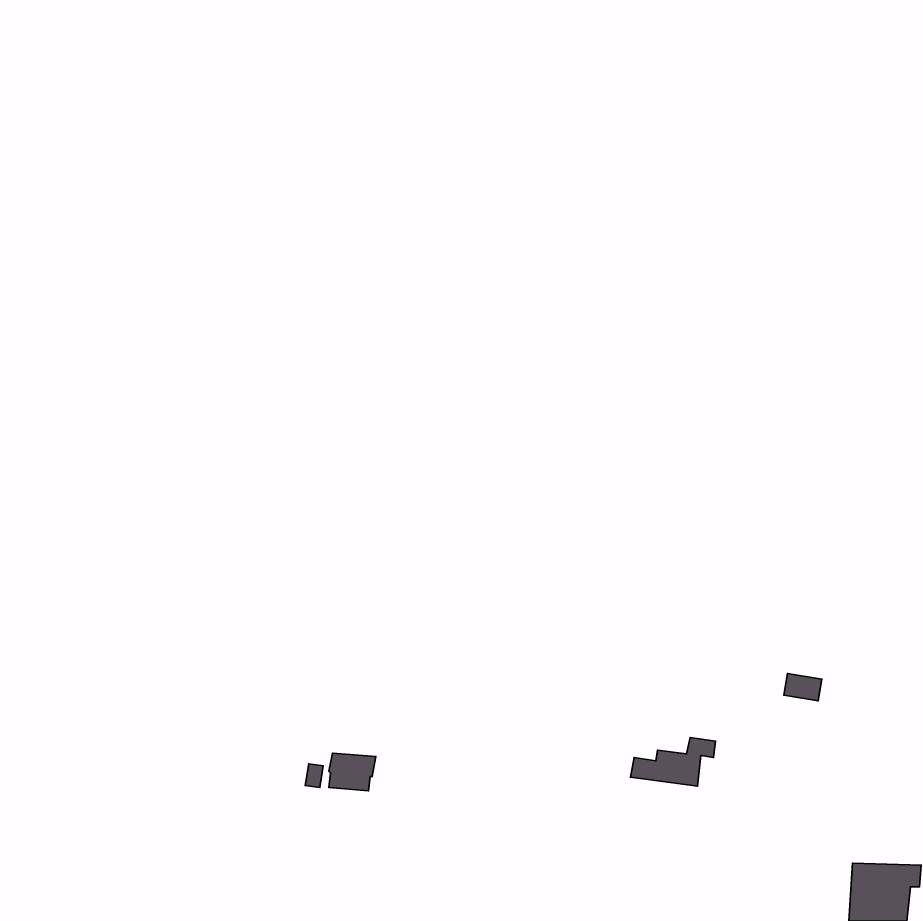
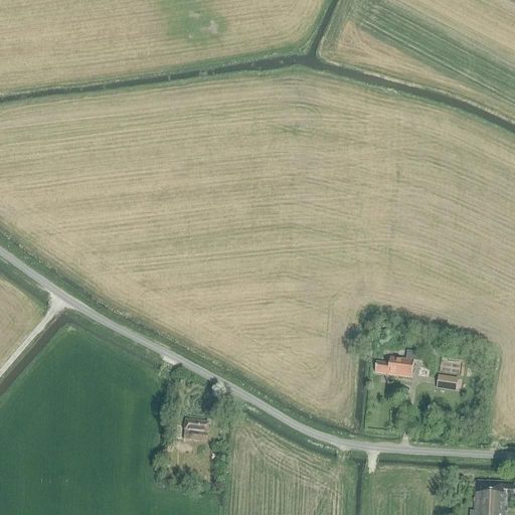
building: [631,738,715,786] -> [374,350,421,377]

